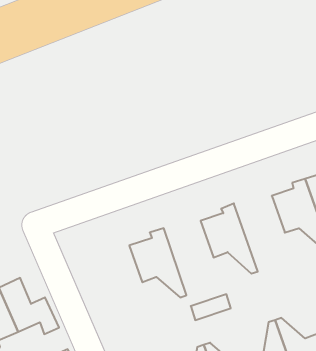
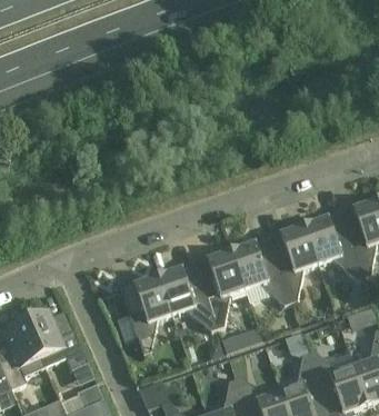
building: none -> [267,225,319,303]
building: none -> [195,250,246,327]
building: none -> [116,276,172,354]

